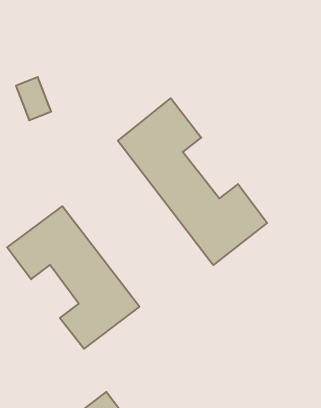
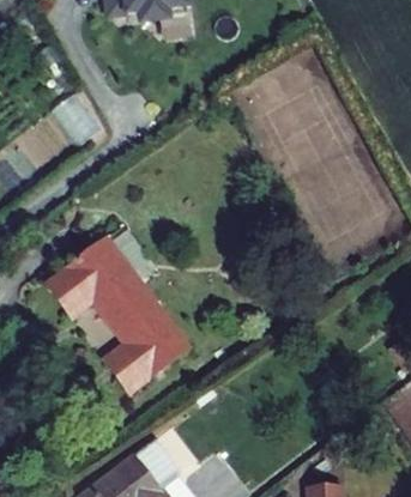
building: [118,98,267,265] -> none

